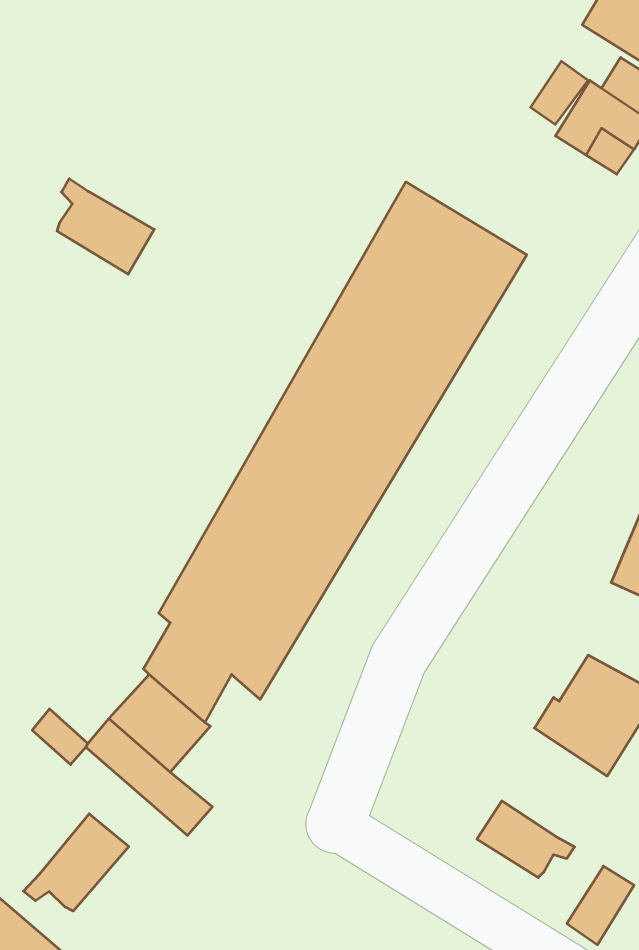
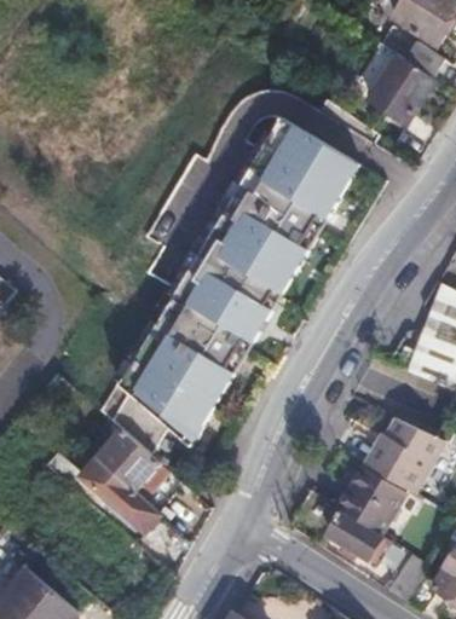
building: [57,179,154,274] -> none
building: none -> [335,467,400,532]
building: [23,814,129,911] -> none

